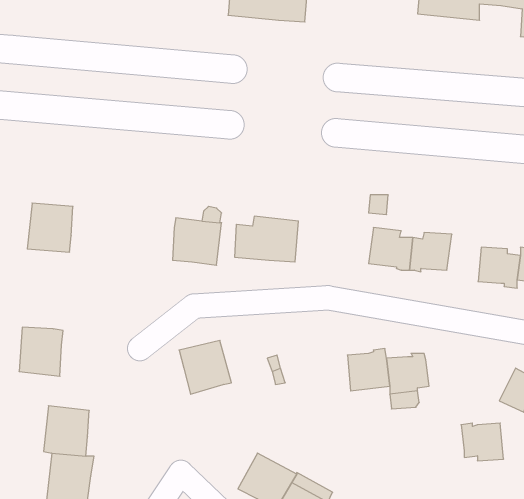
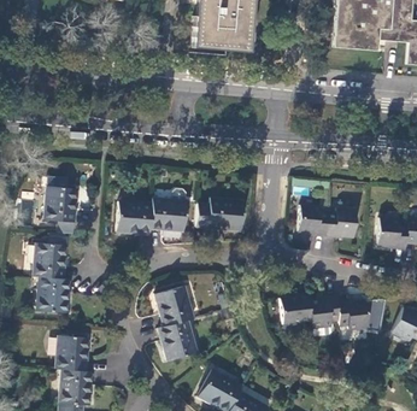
building: none -> [116,200,152,234]
building: none -> [34,242,66,278]
building: none -> [158,319,198,360]
building: [461,423,504,461] -> [337,300,369,328]

